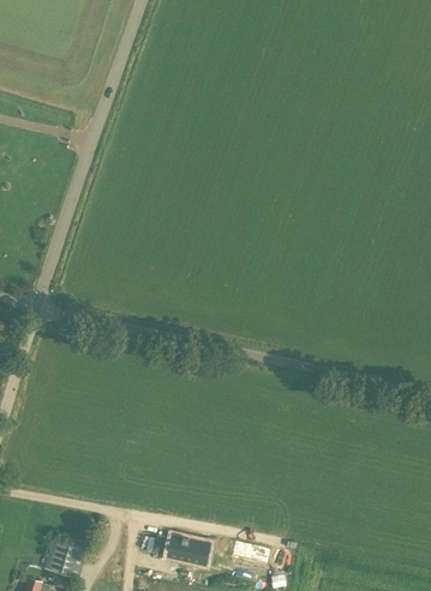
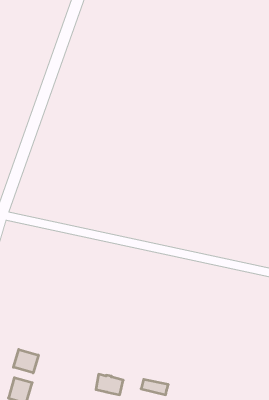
building: none -> [13,349,38,373]

